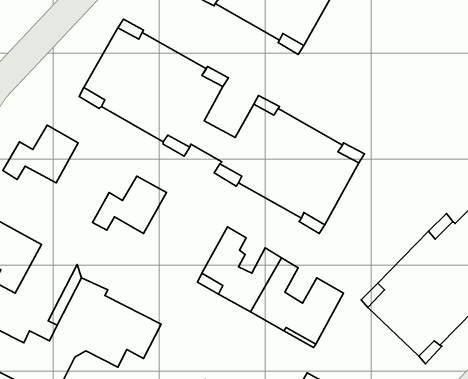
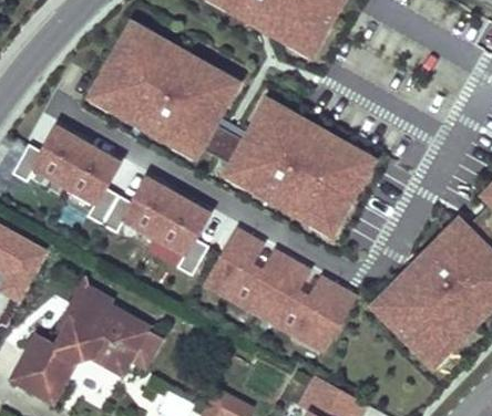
building: none -> [64,147,117,227]
building: none -> [152,197,207,277]

